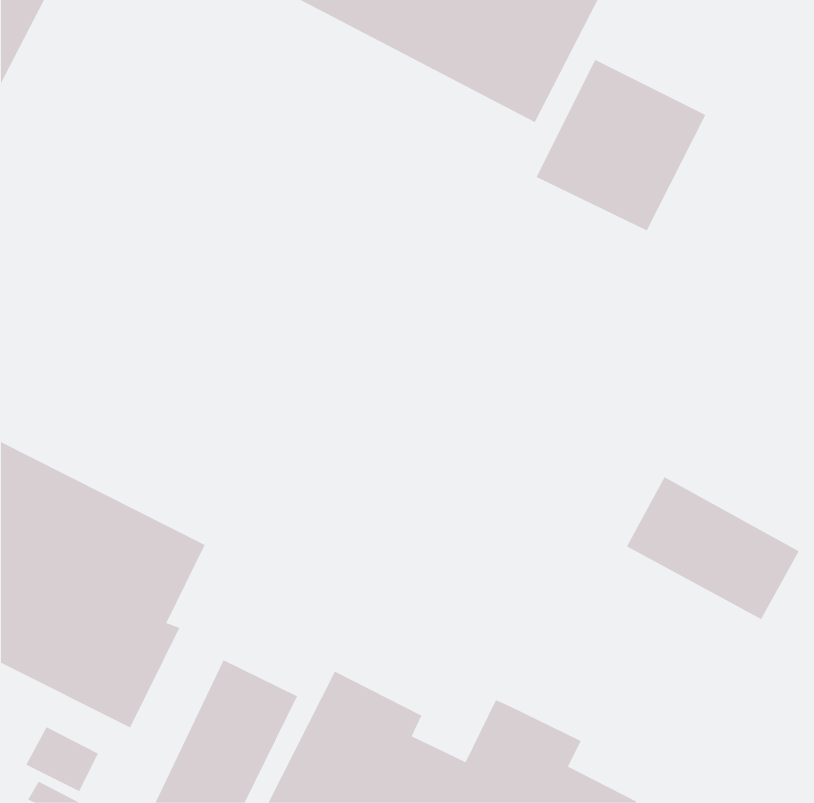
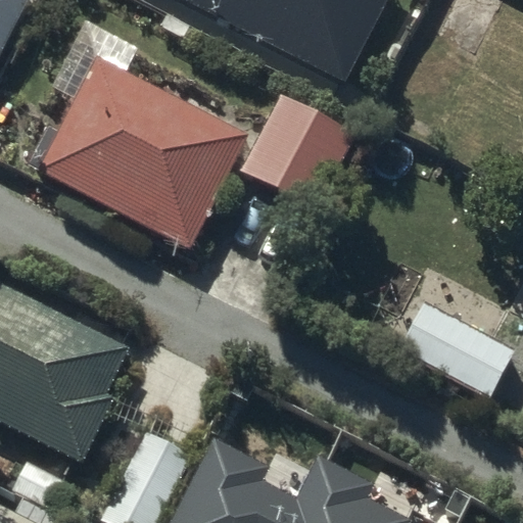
building: [536,59,706,231] -> [245,99,354,209]
building: none -> [39,59,248,248]

